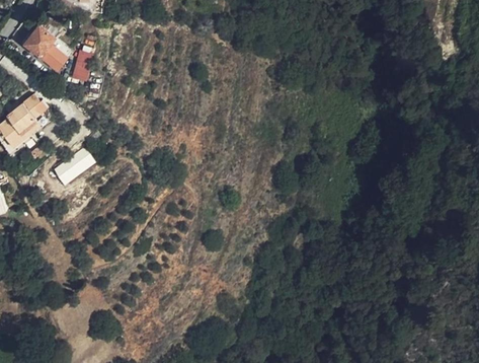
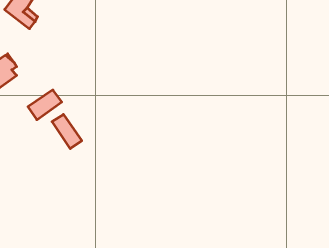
building: [73,51,92,81] -> none
building: none -> [52,114,82,149]

